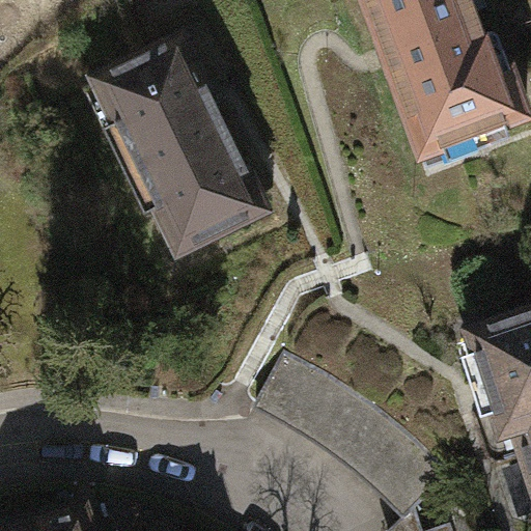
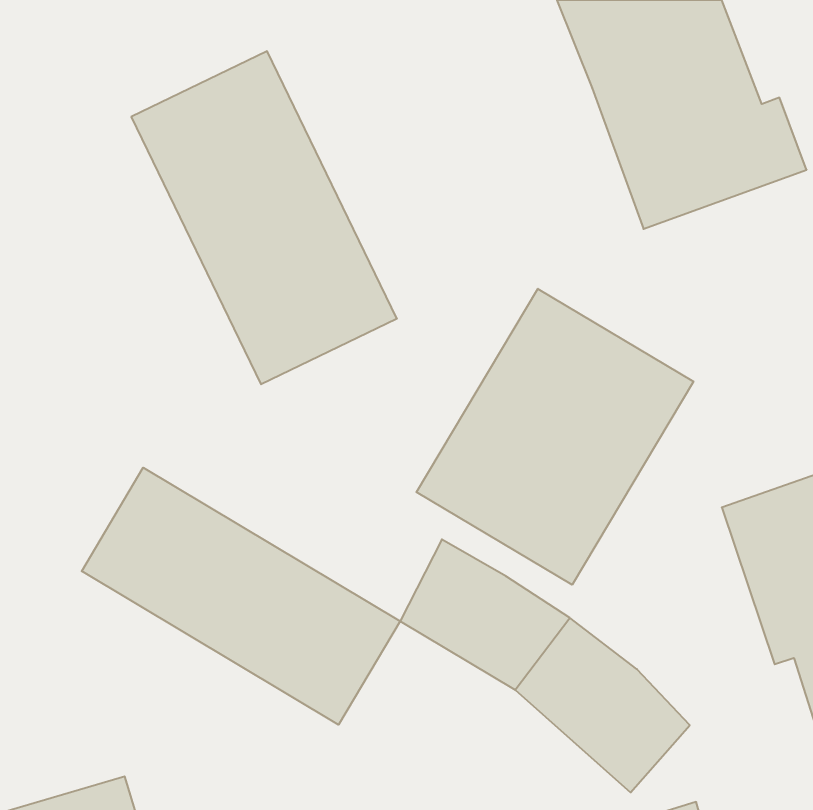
building: none -> [416,289,693,585]
building: none -> [82,468,400,725]

